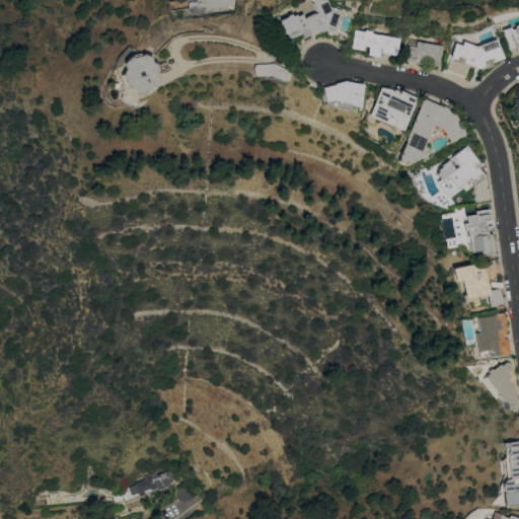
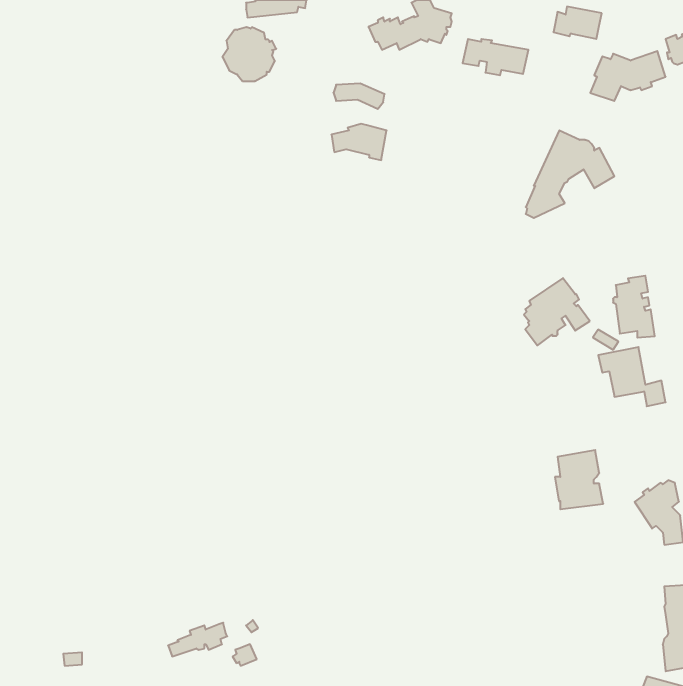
building: [407,42,444,66] -> [553,7,602,39]
building: [122,54,162,94] -> [222,27,276,81]
building: [323,81,365,108] -> [331,124,387,160]
building: [369,87,419,132] -> none
building: [438,147,488,198] -> [524,278,590,345]
building: [475,313,512,358] -> [555,450,603,509]

